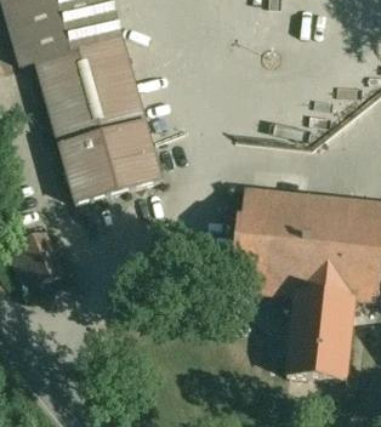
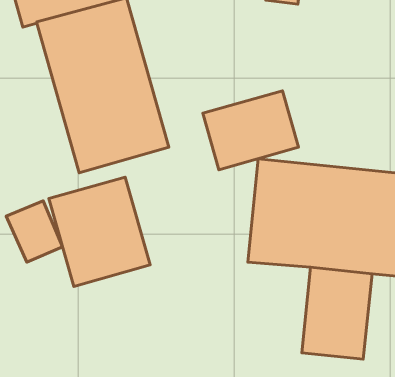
building: none -> [203,91,298,170]
building: none -> [49,177,150,286]

